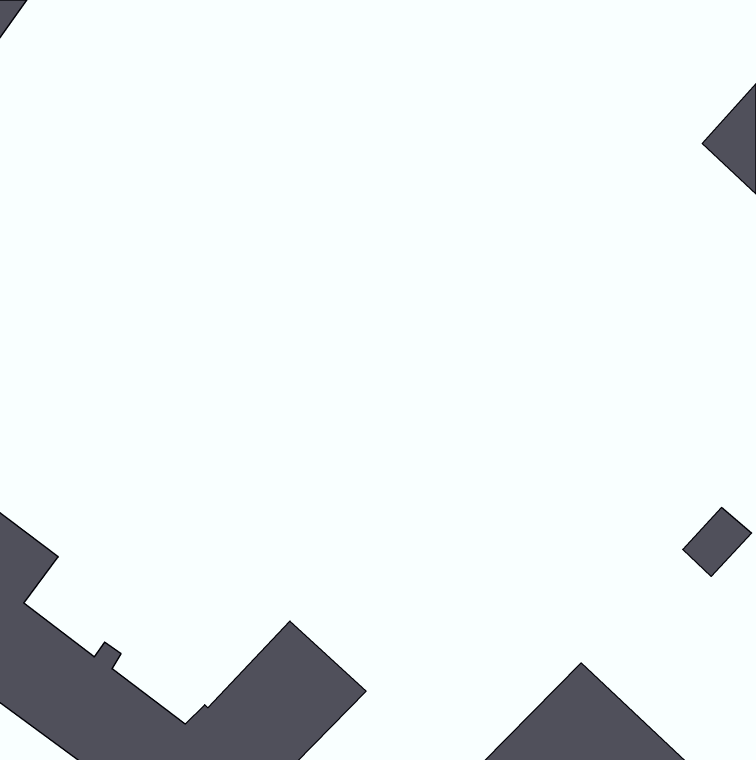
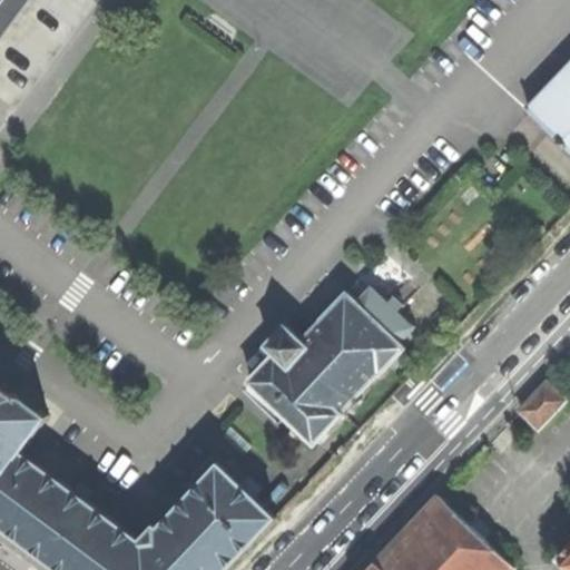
building: none -> [245,286,410,445]

